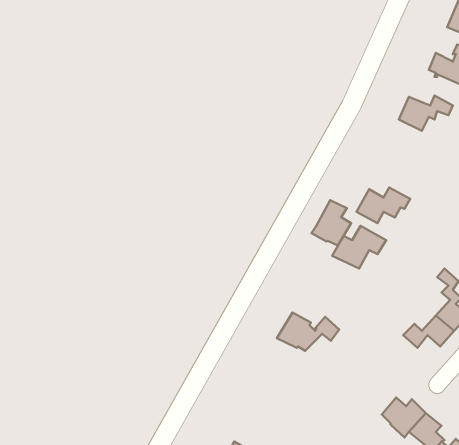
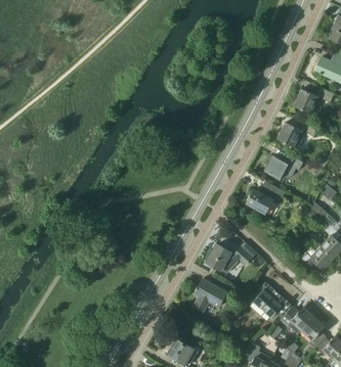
building: none -> [278,123,317,147]
building: [311,200,351,246] -> none
building: none -> [194,279,226,312]
building: none -> [253,285,292,318]

